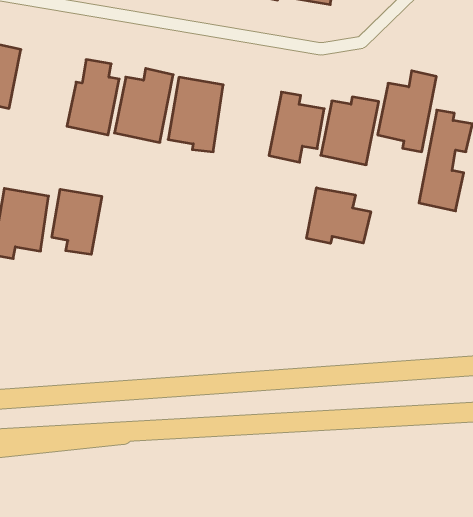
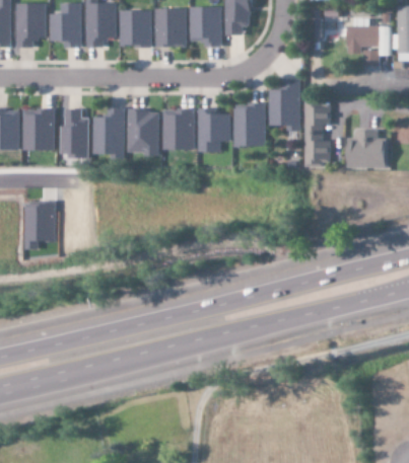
building: none -> [23,108,55,150]
building: none -> [163,108,195,150]
building: [307,188,371,243] -> none
building: [52,189,102,254] -> none

